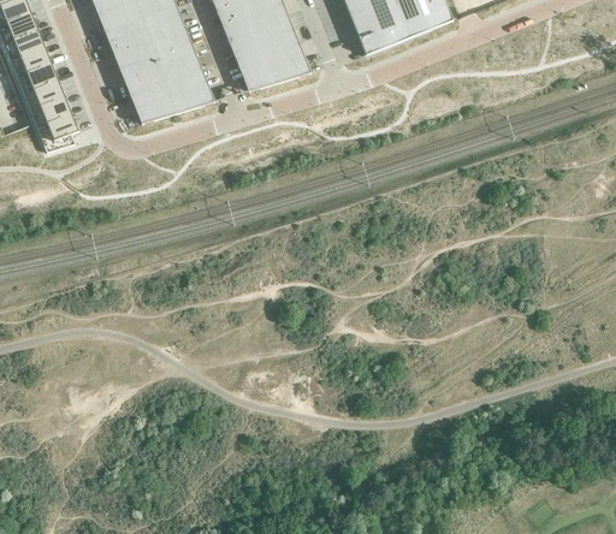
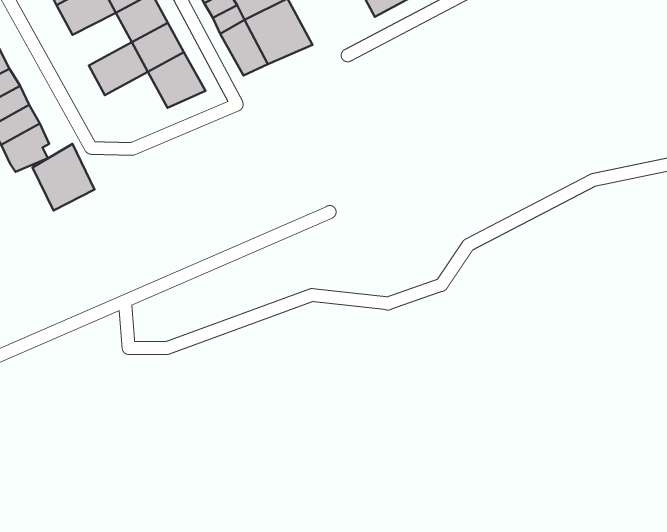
building: [108,25,158,67] -> none
building: [130,78,182,123] -> none
building: none -> [32,144,94,210]

